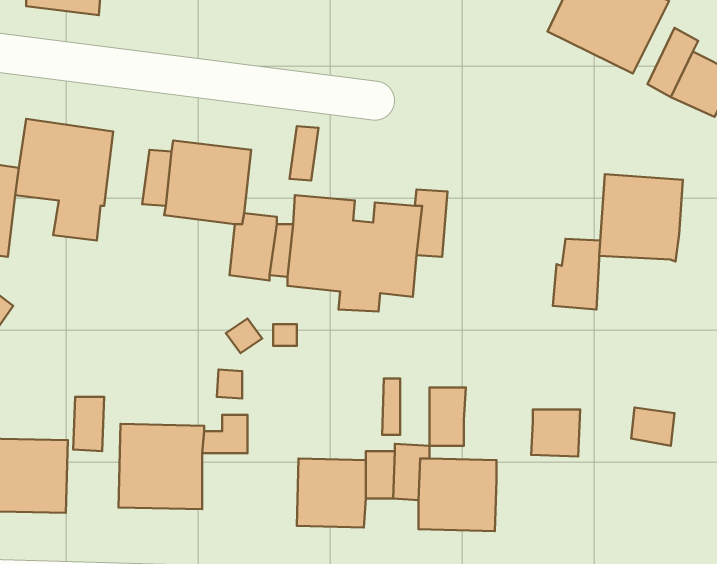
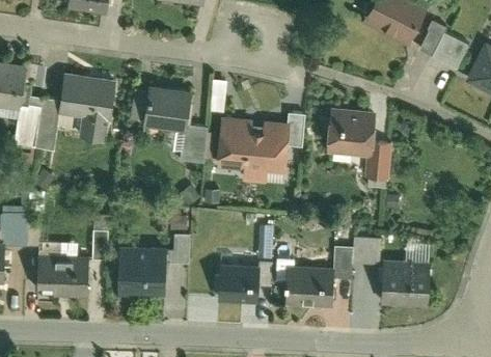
building: [599,174,683,261] -> [326,106,374,156]
building: [429,388,466,446] -> [332,245,353,278]
building: none -> [380,259,430,308]

